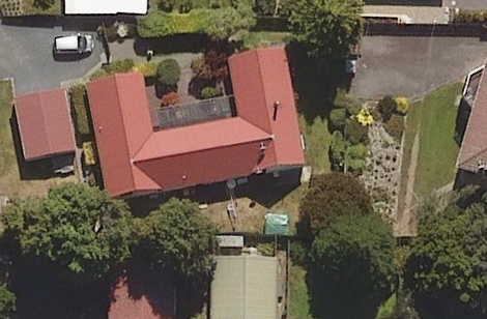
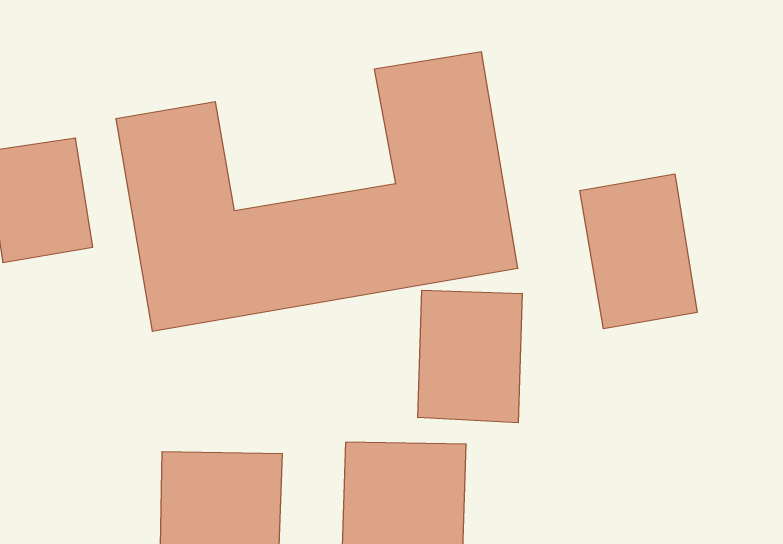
building: none -> [580,174,697,329]
building: none -> [418,290,522,423]

